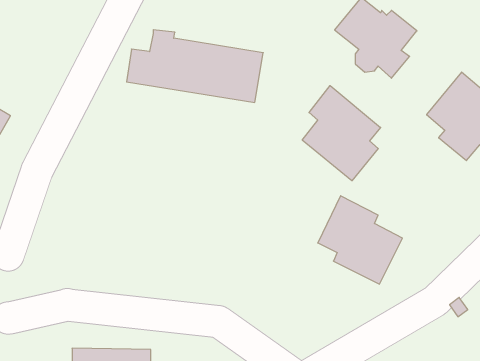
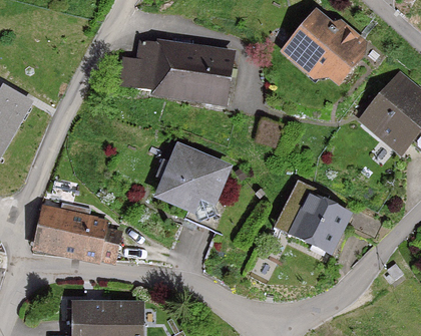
building: [302,86,381,181] -> none
building: none -> [157,148,225,211]
building: none -> [34,204,118,260]

